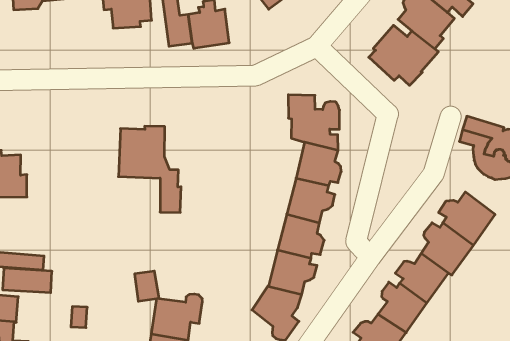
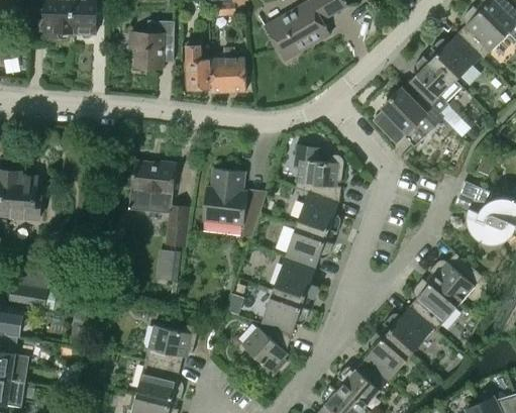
building: none -> [201,168,262,237]
building: [135,271,159,301] -> [156,250,177,278]

